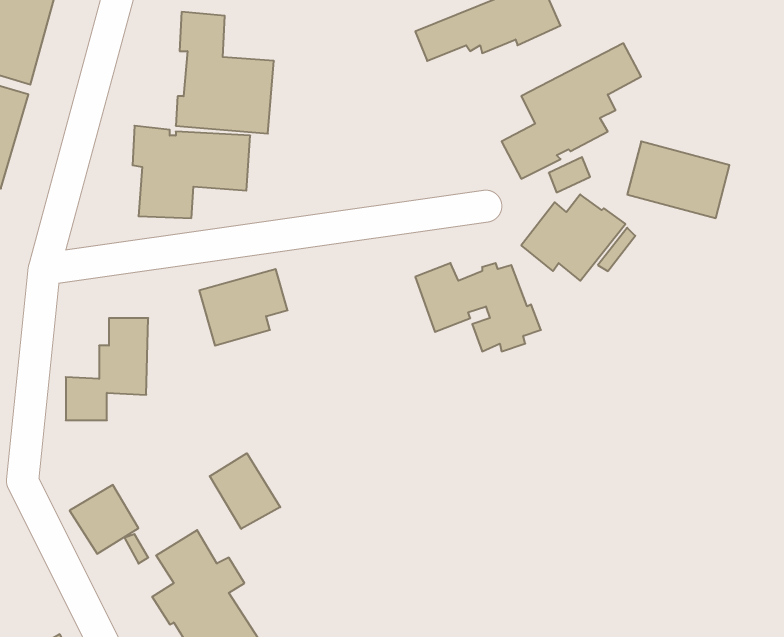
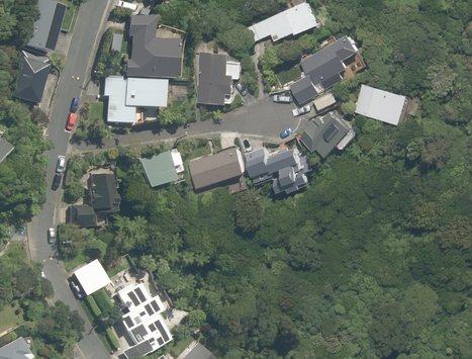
building: none -> [201,51,240,103]
building: none -> [193,145,251,187]
building: [210,453,280,529] -> none

